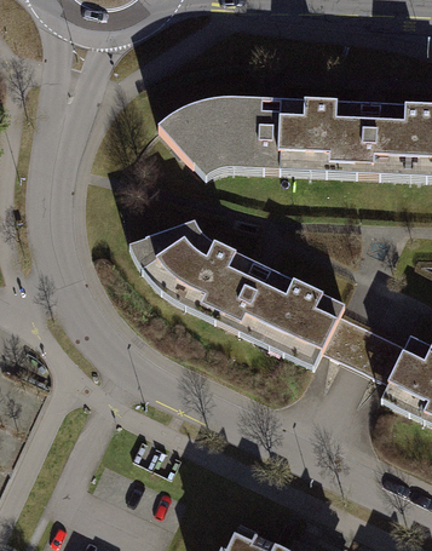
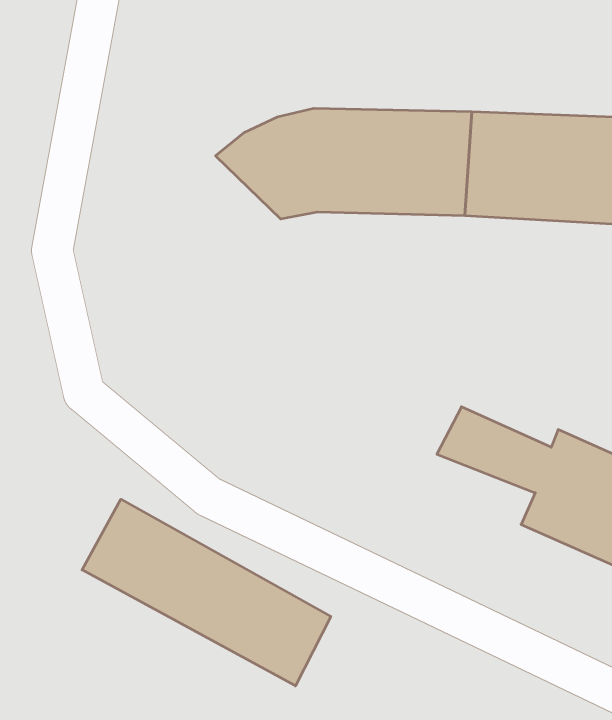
building: [125,216,339,362] -> none
building: none -> [82,499,331,686]

